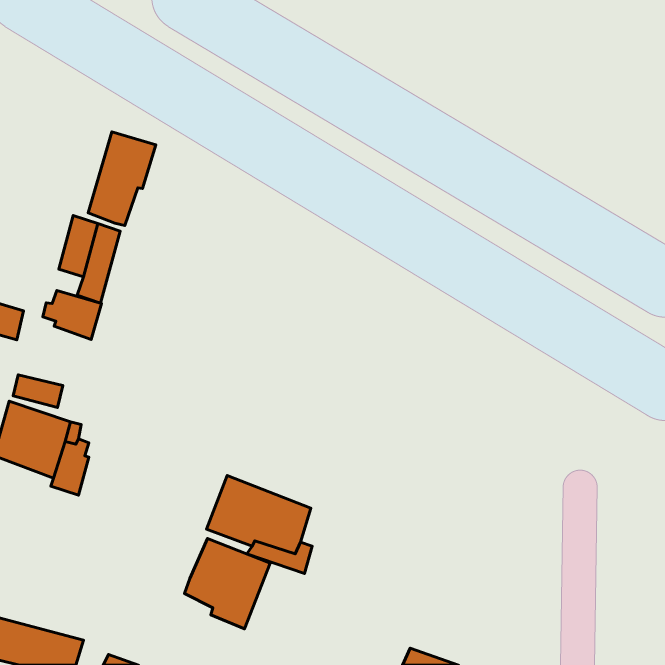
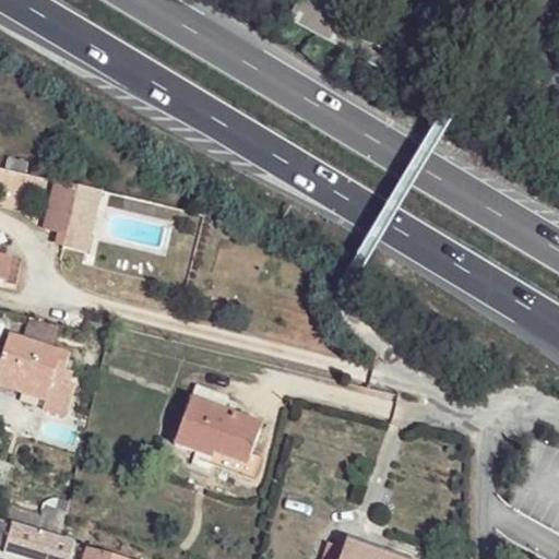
building: [88,132,156,226] -> none
building: [43,290,102,339] -> none
building: [184,539,270,629] -> none

